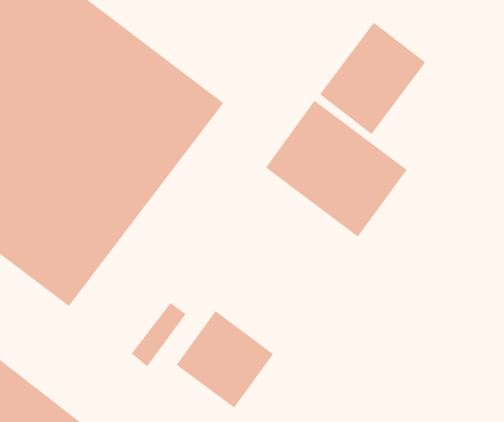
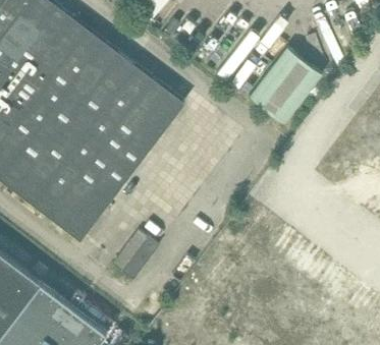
building: [265,100,408,237] -> none
building: [176,310,274,409] -> none

